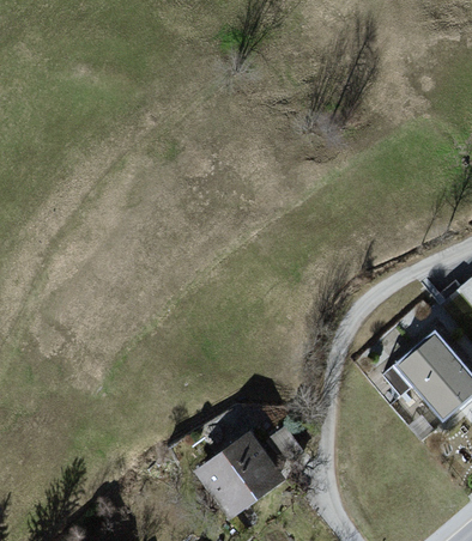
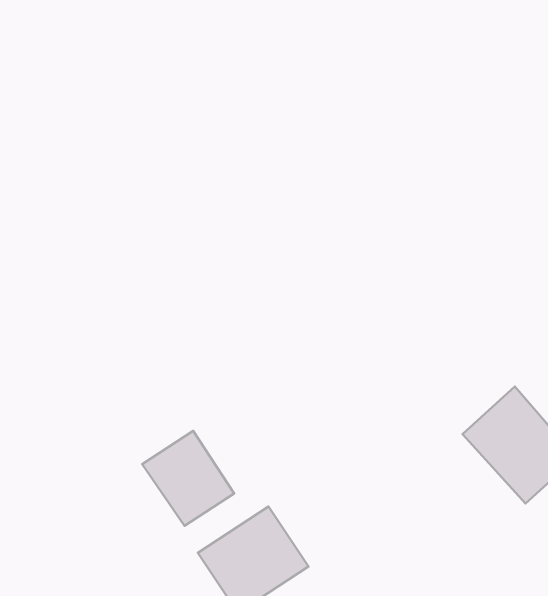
building: none -> [142,431,234,526]

